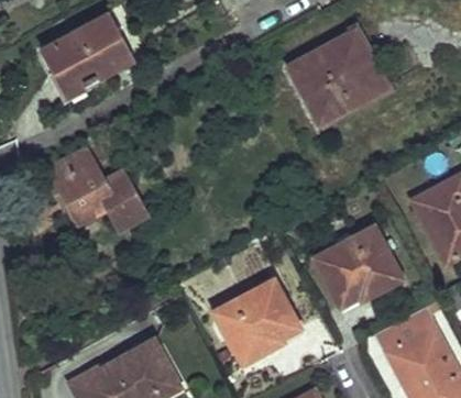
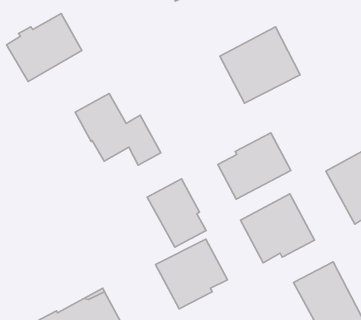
building: [45,147,145,231] -> [75,93,161,165]
building: none -> [218,133,291,199]
building: none -> [147,179,206,247]

